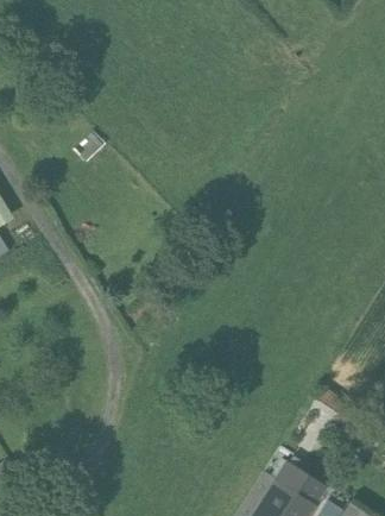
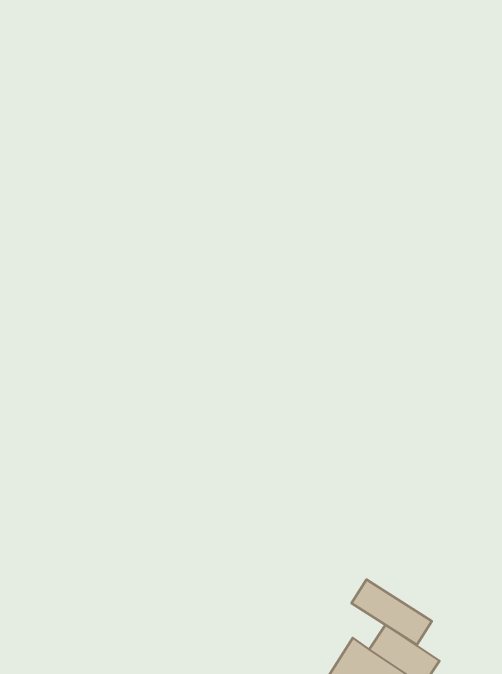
building: none -> [351,580,432,645]

